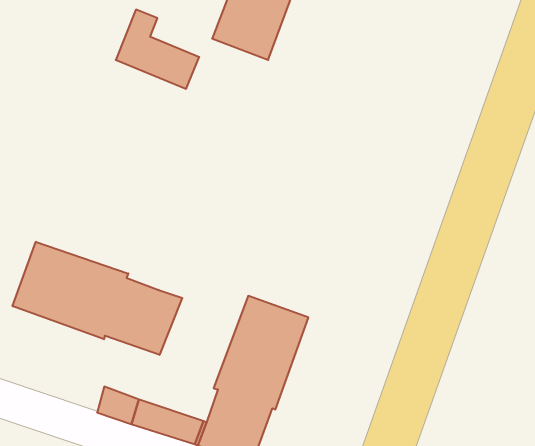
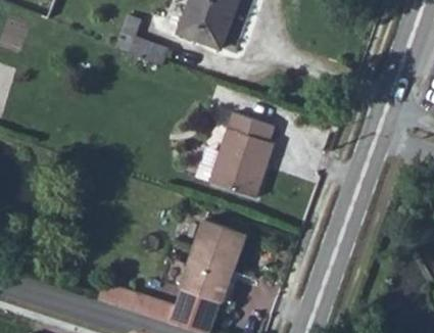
building: none -> [209,108,272,194]
building: [13,242,182,355] -> none

